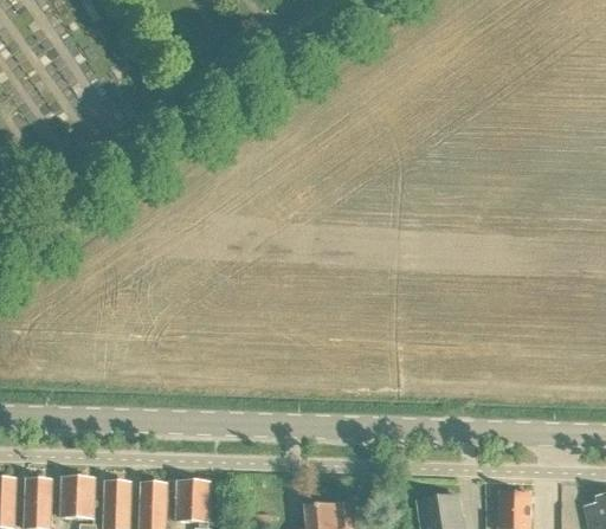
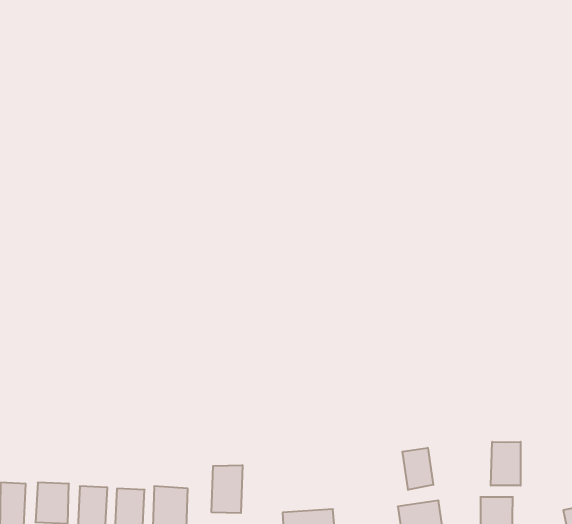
building: none -> [491,442,521,486]
building: none -> [402,448,433,490]
building: none -> [212,465,242,513]

